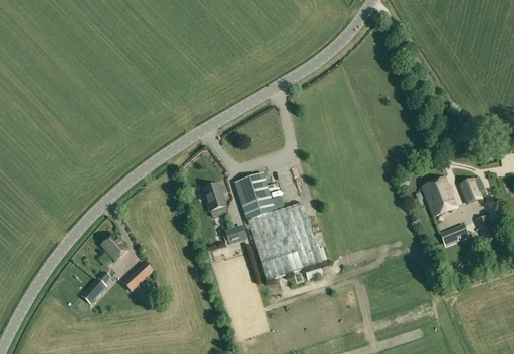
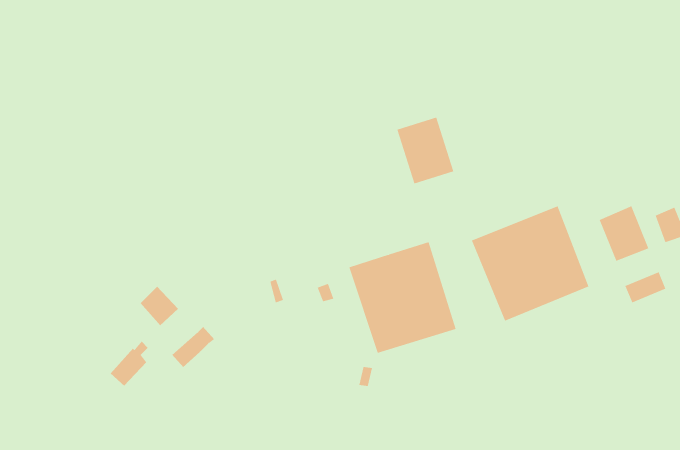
building: [235,172,275,220] -> [397,117,454,184]
building: none -> [471,205,589,322]
building: [202,182,226,211] -> none

